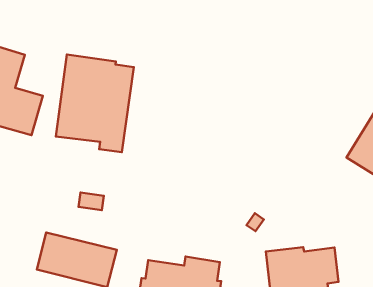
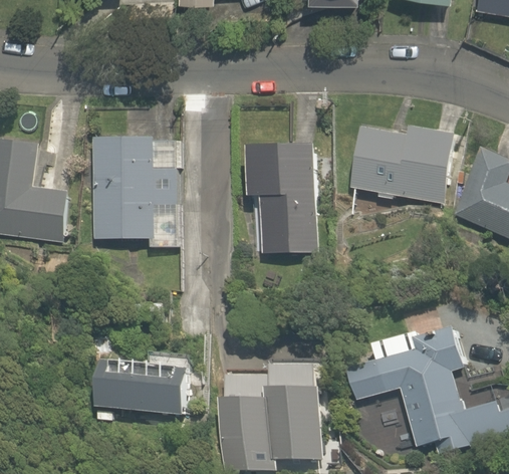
building: none -> [348,126,456,204]
building: none -> [246,145,316,253]

